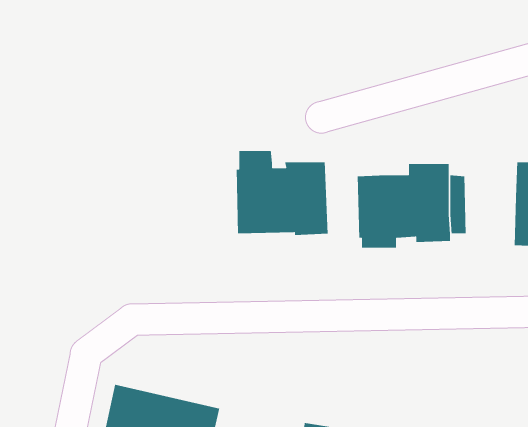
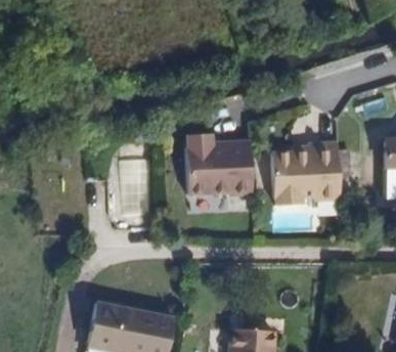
building: none -> [119,158,148,223]

